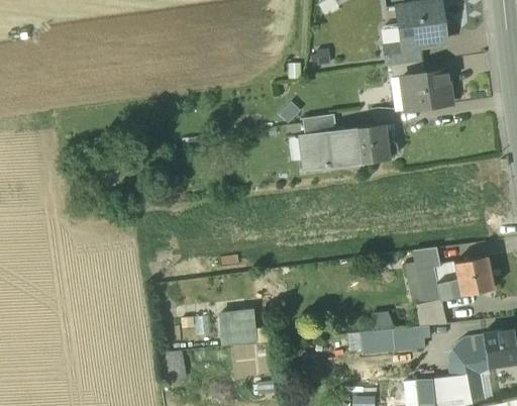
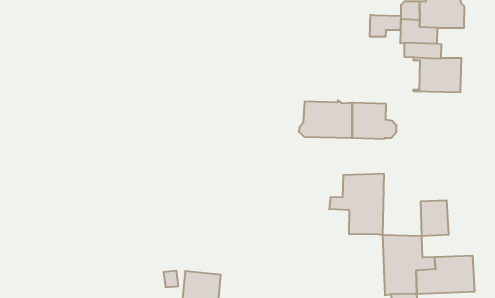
building: none -> [370,15,401,37]
building: [304,114,337,135] -> none
building: none -> [329,174,384,235]
building: none -> [421,200,448,236]

